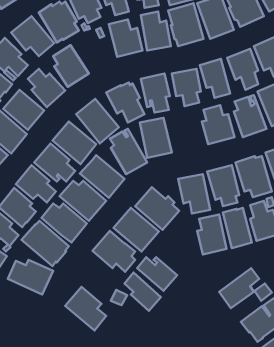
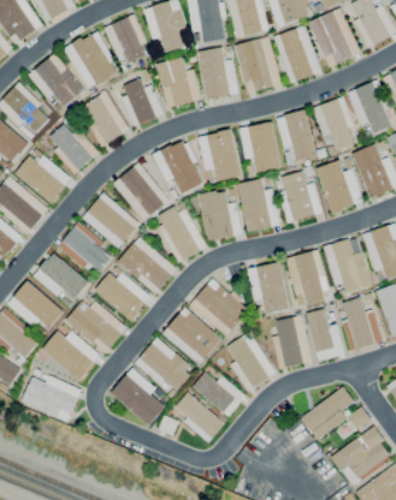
building: none -> [122,78,164,126]
building: none -> [238,178,280,232]
building: none -> [227,332,277,389]
building: [65,287,106,330] -> [112,368,166,425]

